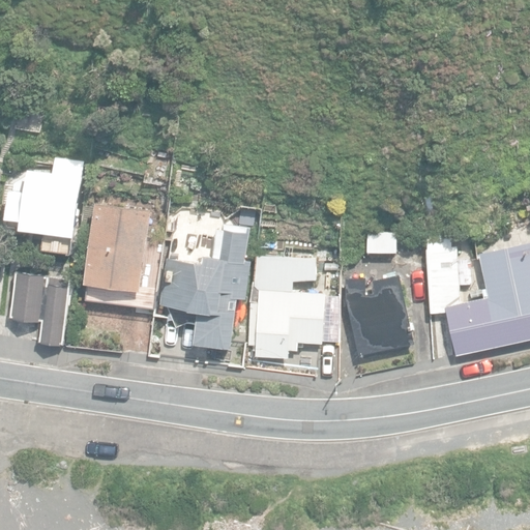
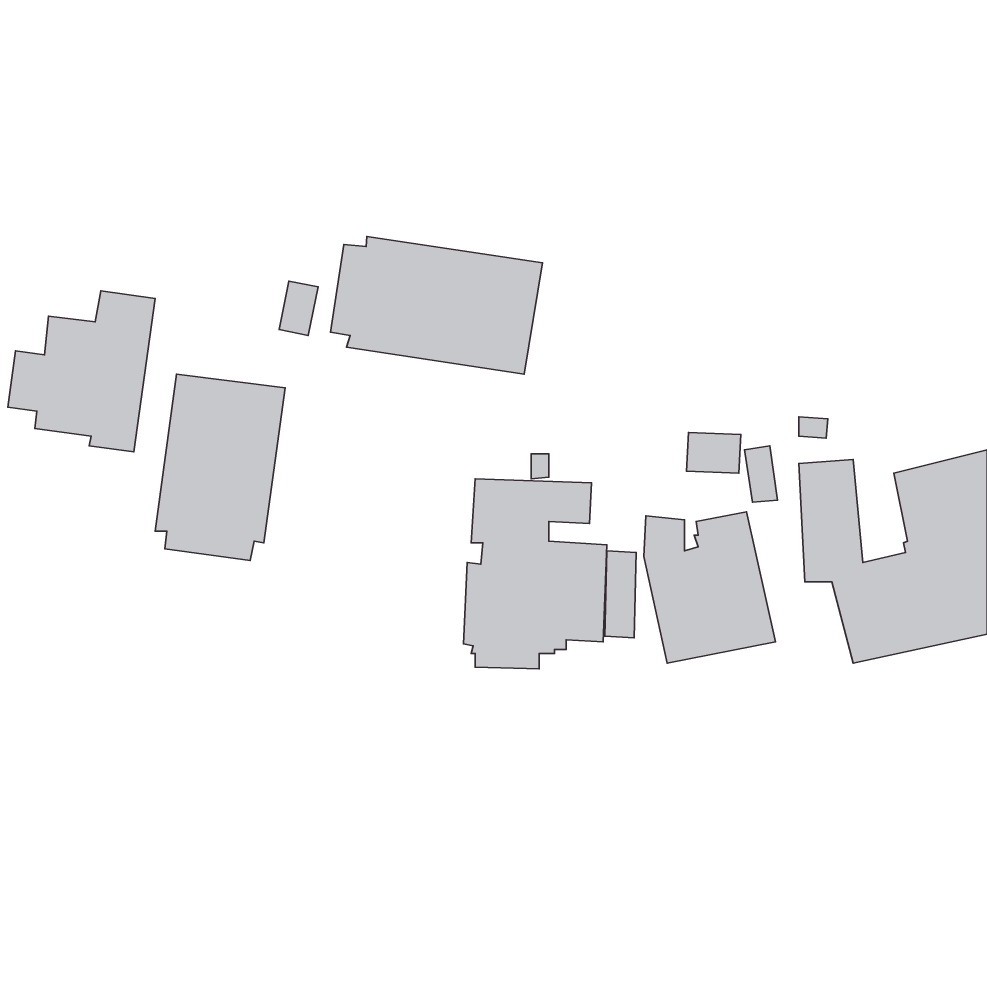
building: none -> [330,236,542,374]
building: [159,231,248,350] -> none
building: [9,270,68,345] -> none

